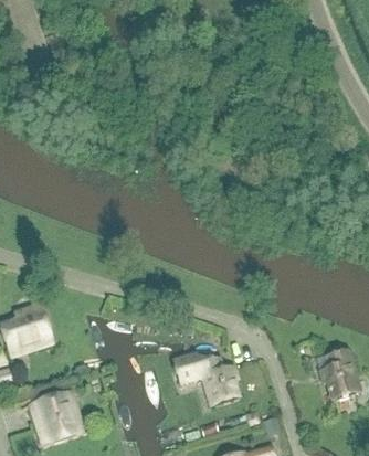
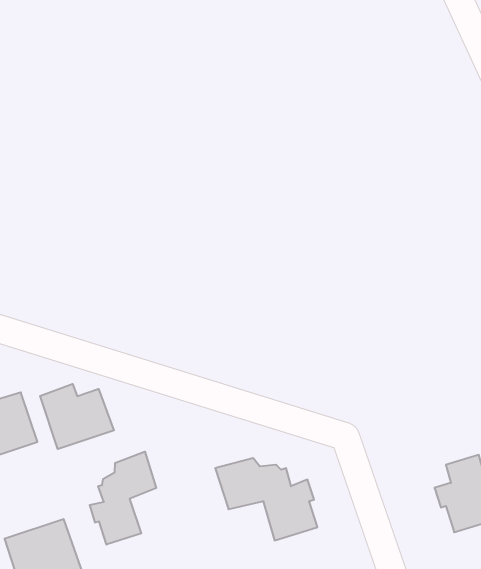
building: none -> [40,384,114,449]
building: none -> [90,452,156,545]

